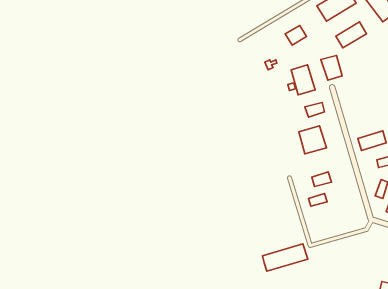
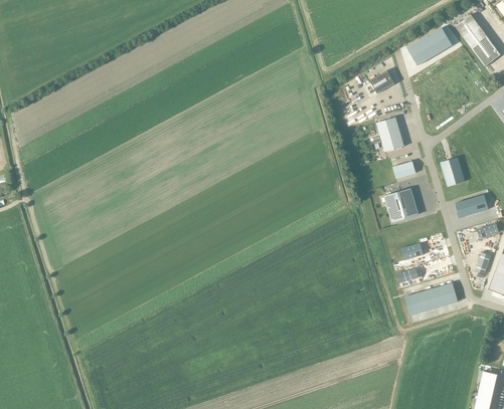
building: [336,22,366,48] -> none
building: [321,55,342,80] -> [442,157,467,186]
building: [263,244,308,271] -> [406,282,460,315]

